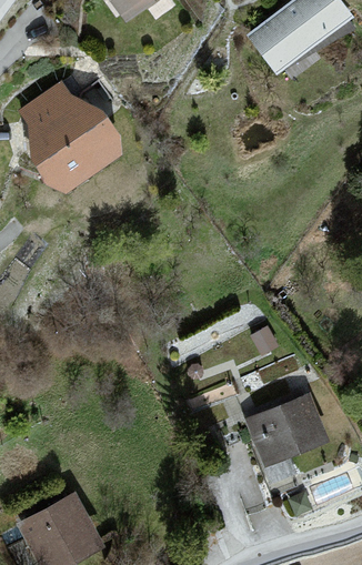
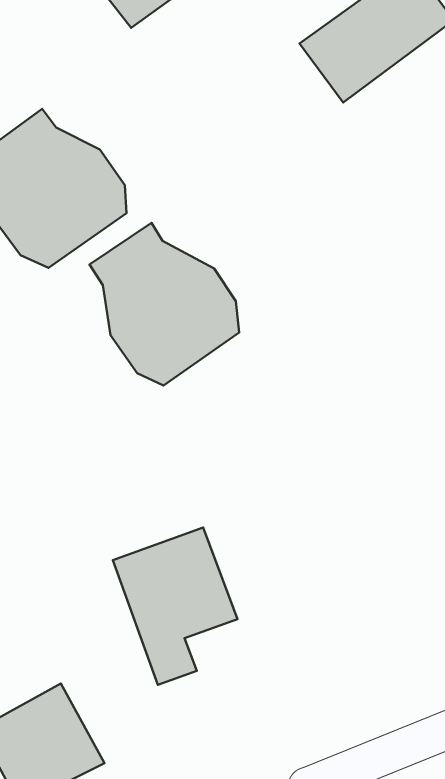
building: none -> [89,223,239,386]
building: [239,376,328,488] -> [113,527,237,685]

